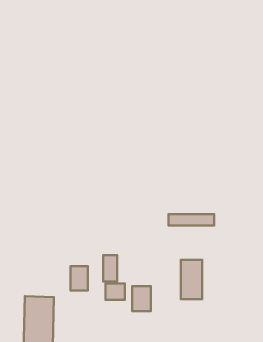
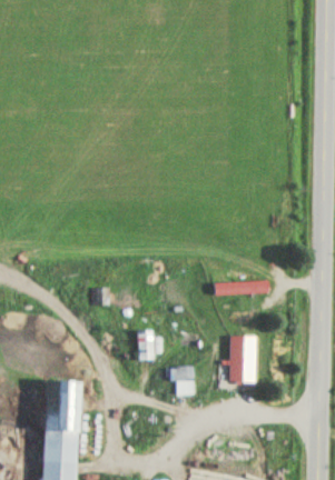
building: [71,266,88,290] -> none
building: [105,284,125,300] -> none

